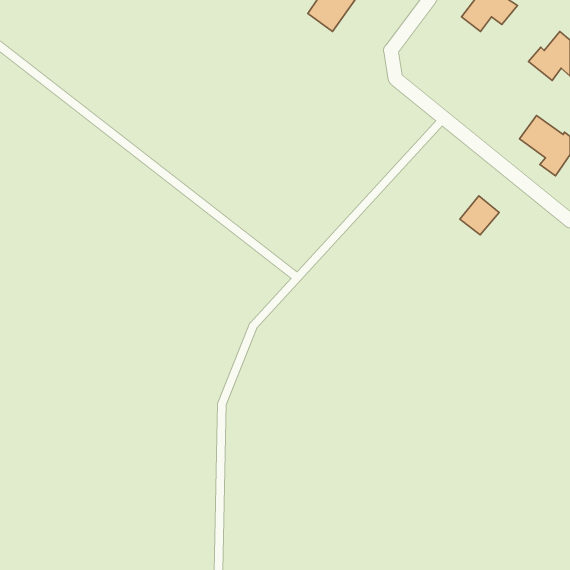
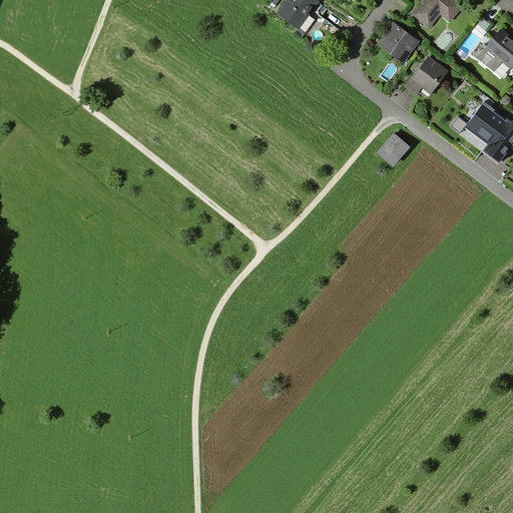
building: none -> [377,22,420,63]
building: none -> [405,57,447,95]
building: [460,196,499,235] -> [377,131,412,166]

